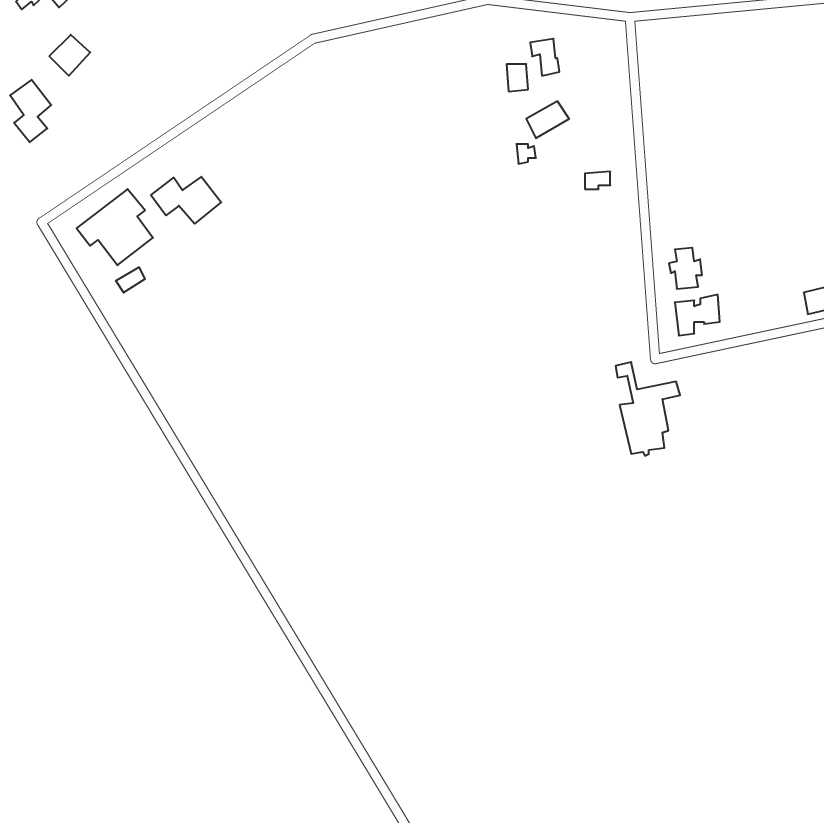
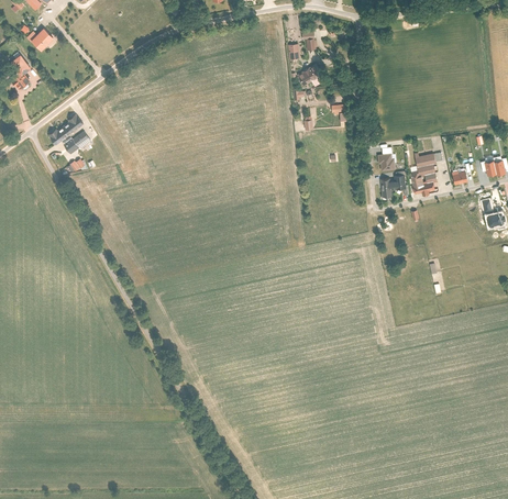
building: [151,177,221,224] -> none
building: [616,362,680,456] -> [409,141,445,193]

